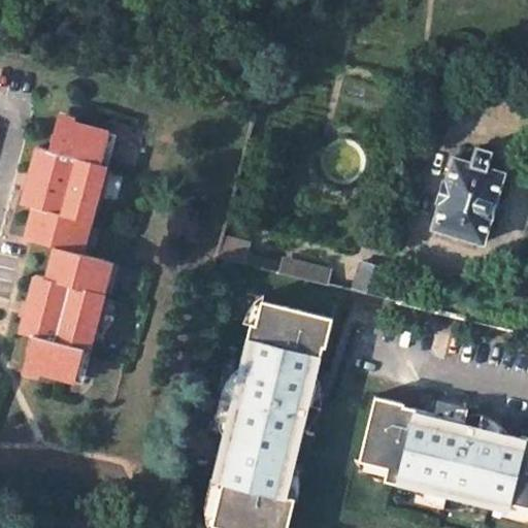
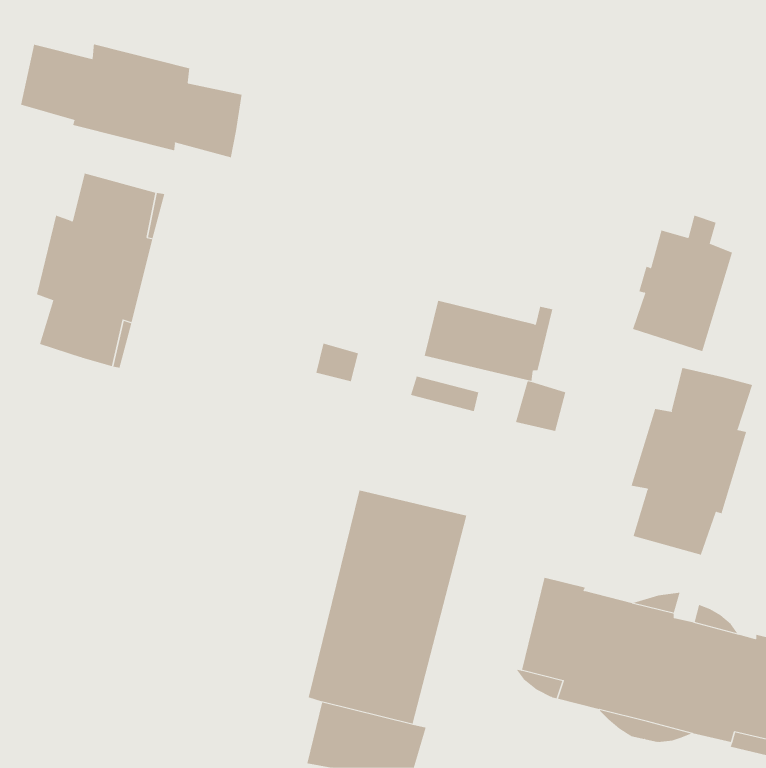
building: none -> [20,44,242,158]
building: [22,249,106,381] -> none
building: none -> [631,367,753,555]
building: [248,298,336,354] -> [424,300,553,381]

